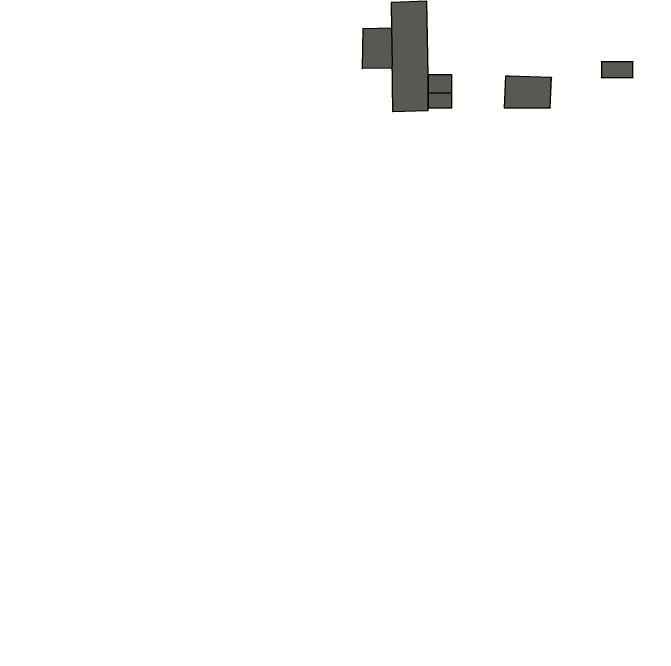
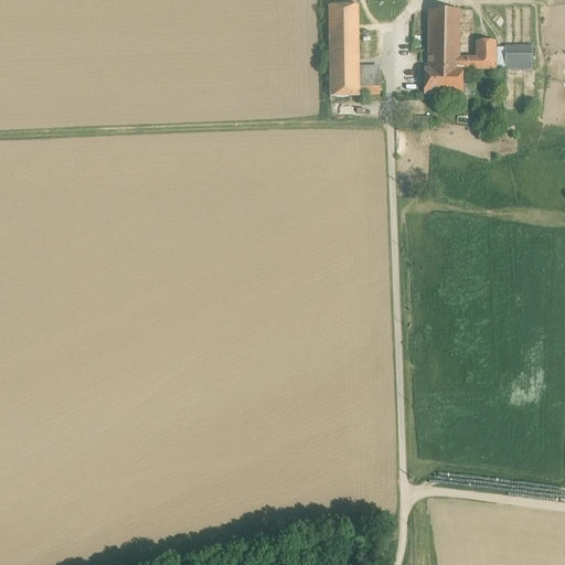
building: none -> [428,7,495,65]
building: [362,28,392,69] -> none

